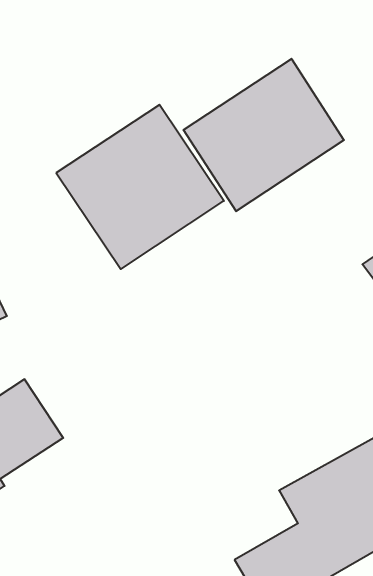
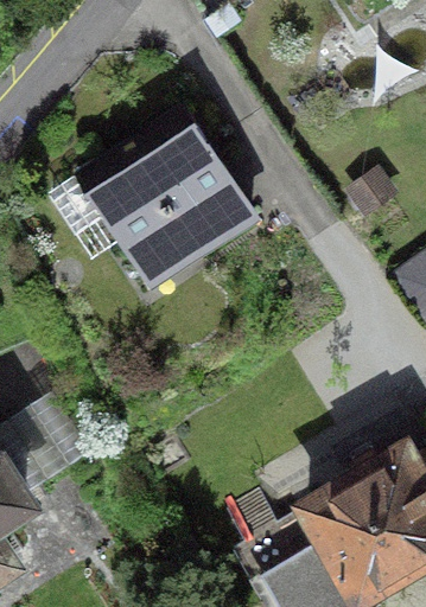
building: [184,59,344,211] -> none

